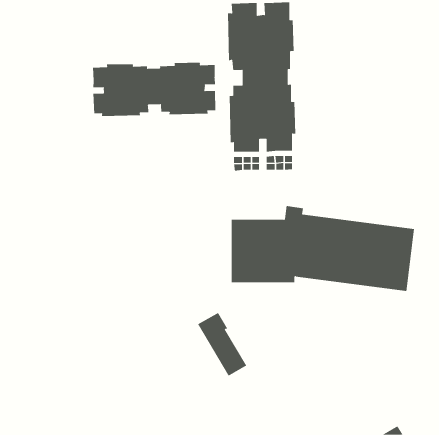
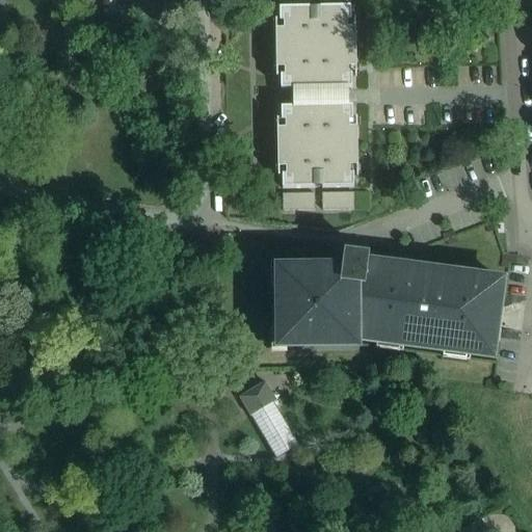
building: [92,62,216,117] -> none

